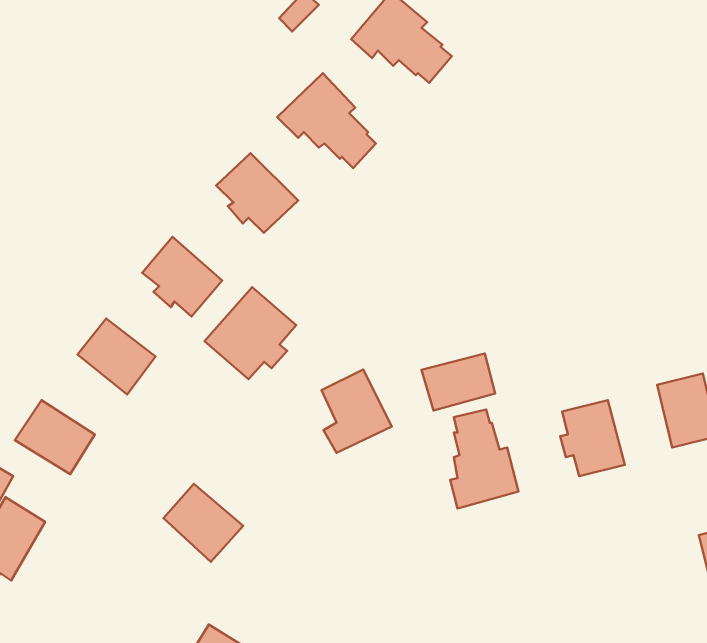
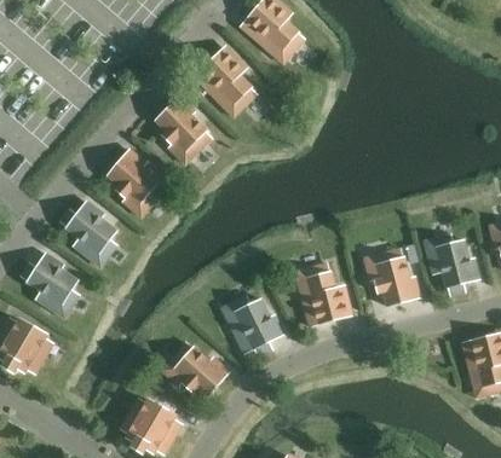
building: [204,287,296,379] -> none
building: [421,353,495,410] -> none
building: [321,369,392,453] -> [234,300,278,353]
building: [163,484,243,562] -> [174,348,225,398]

